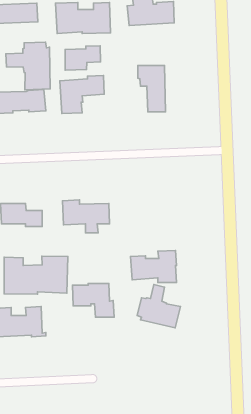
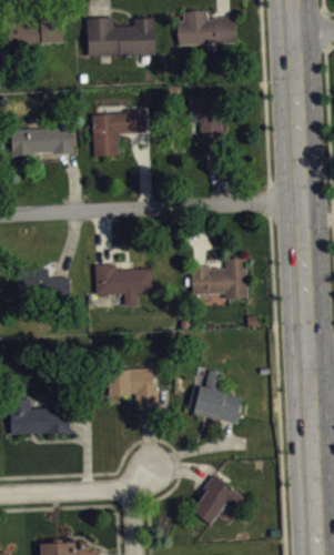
building: [6,42,50,90] -> none
building: [65,46,101,70] -> none
building: [130,250,176,282] -> [190,259,247,299]
building: [4,256,68,294] -> none
building: none -> [191,475,245,525]

